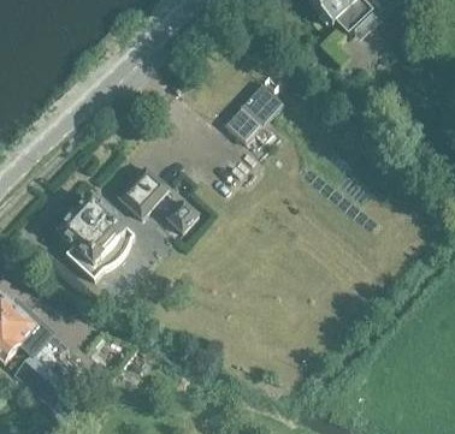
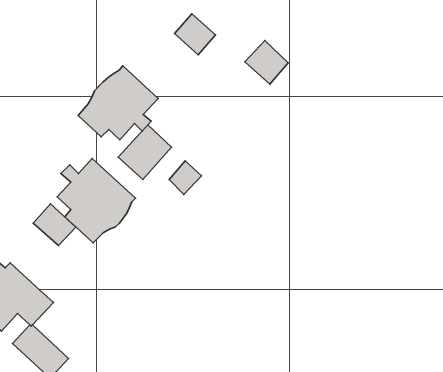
building: [221,103,261,143] -> [175,14,216,55]
building: none -> [78,66,158,140]
building: none -> [33,204,76,245]

